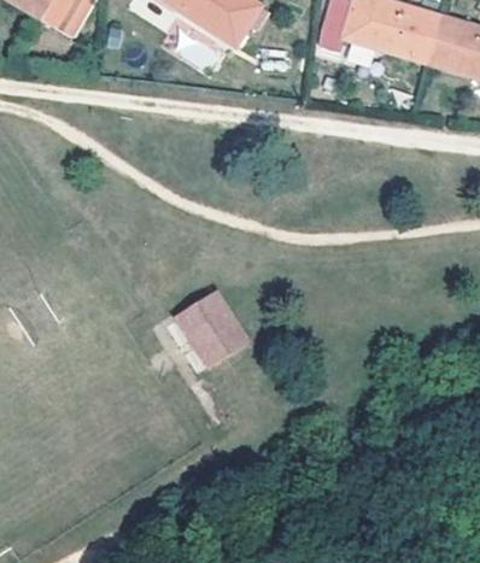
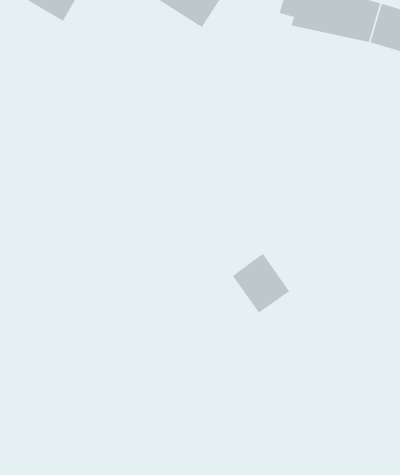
building: [175,291,242,360] -> [232,253,290,314]

